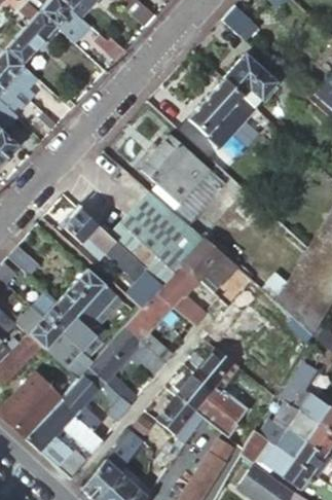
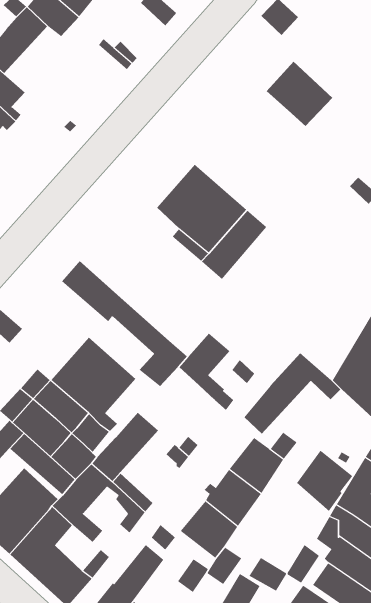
building: [189,77,257,145] -> none
building: [110,191,188,270] -> none
building: [181,239,234,283] -> none
building: [125,292,173,342] -> none
building: [204,391,248,439] -> [296,450,353,512]

